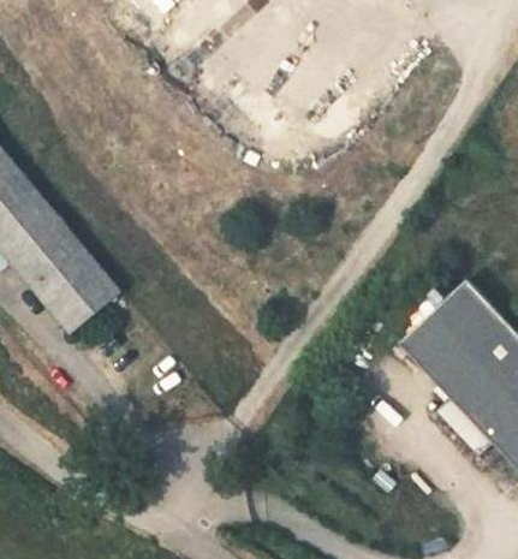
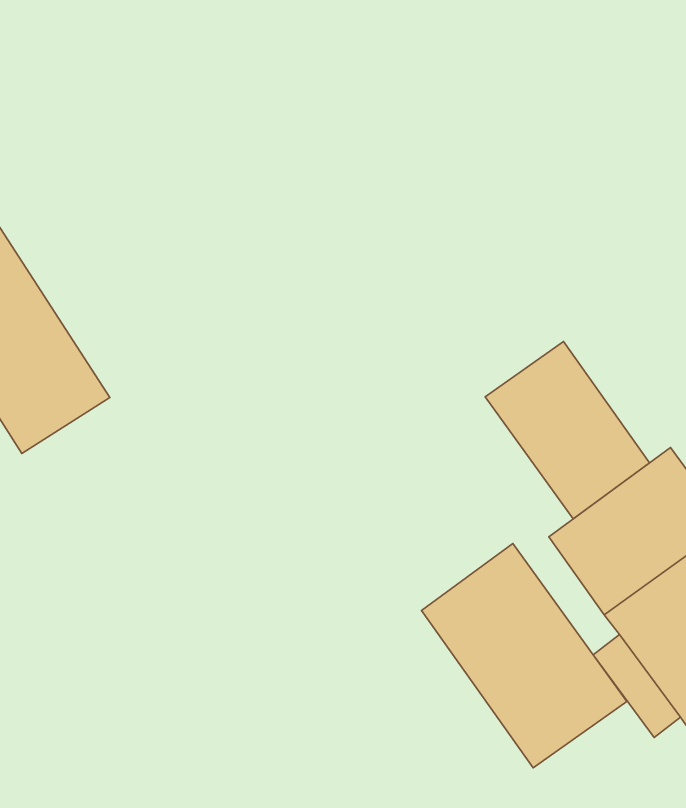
building: none -> [485,341,650,519]
building: none -> [422,544,627,768]

